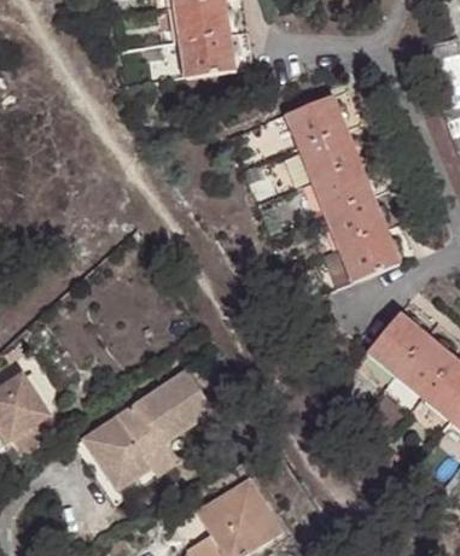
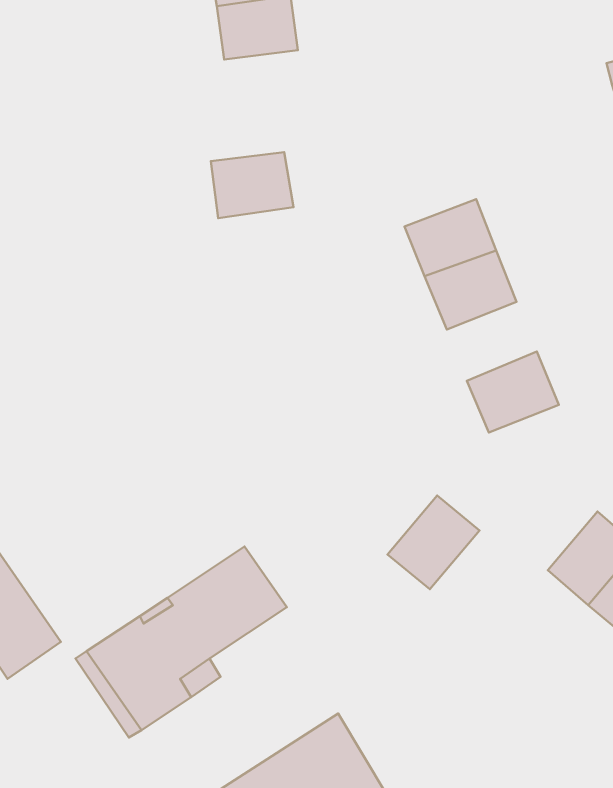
building: [180,36,234,80] -> [211,152,294,218]
building: [284,98,345,152] -> none
building: [326,201,385,253] -> none
building: [365,316,425,378] -> [388,496,480,589]

